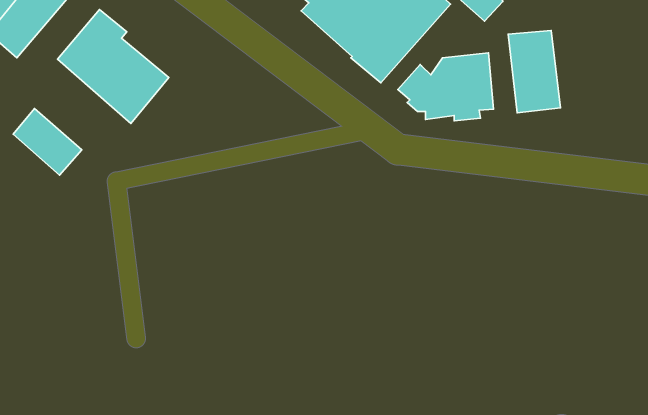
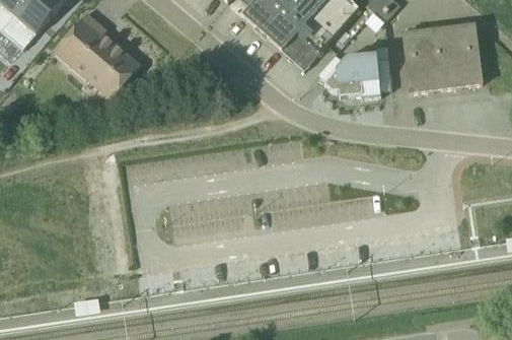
building: none -> [436,22,482,87]
building: [13,108,82,175] -> none

